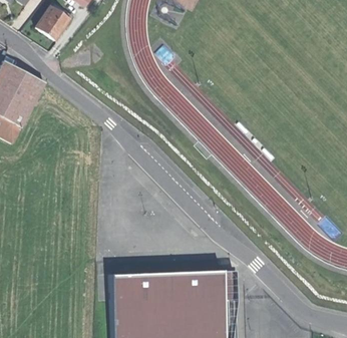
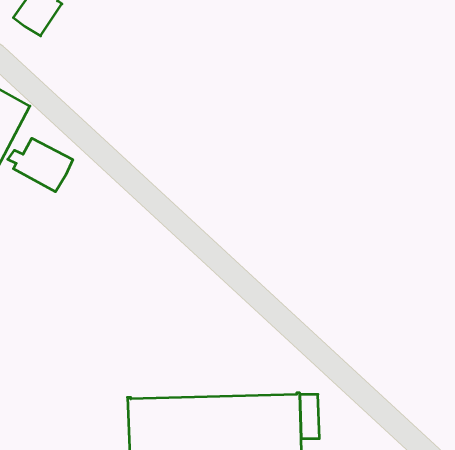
building: none -> [8,138,73,192]

